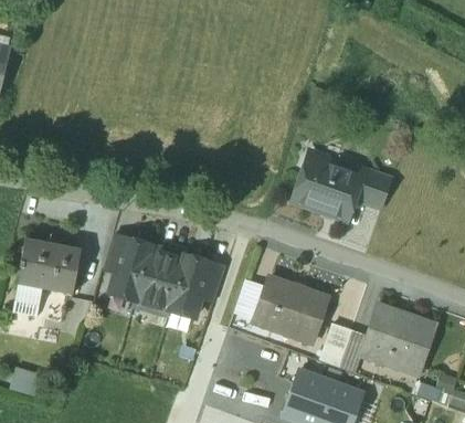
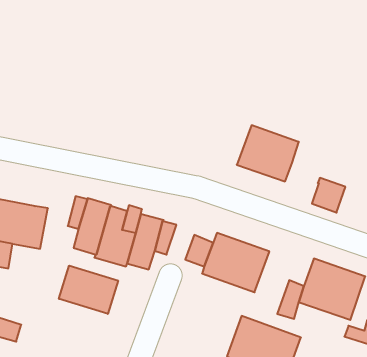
building: [355,169,392,208] -> [312,178,345,213]
building: none -> [59,266,118,314]
building: [320,324,351,367] -> none

